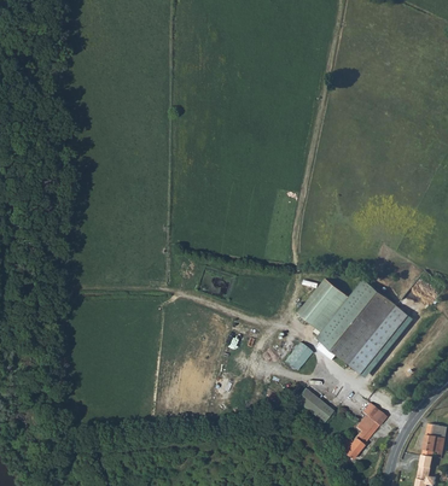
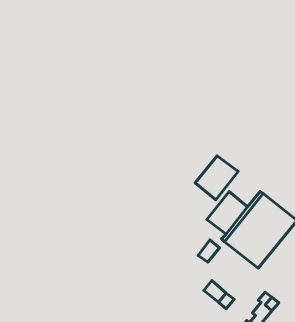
building: none -> [195,156,238,200]

